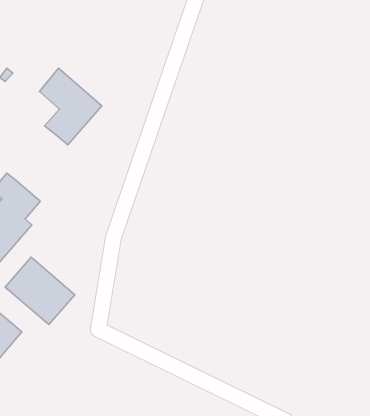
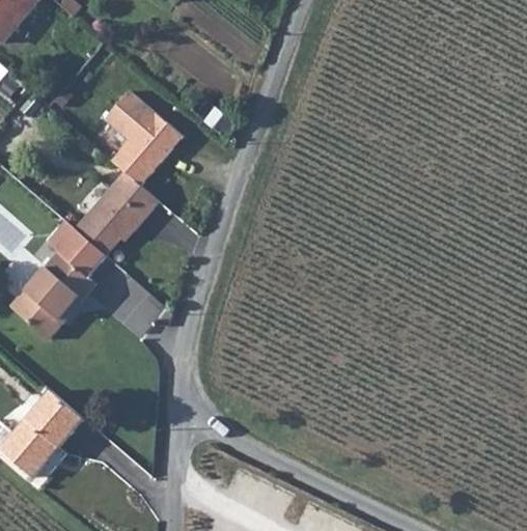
building: none -> [75,171,158,254]
building: [5,257,75,325] -> none

